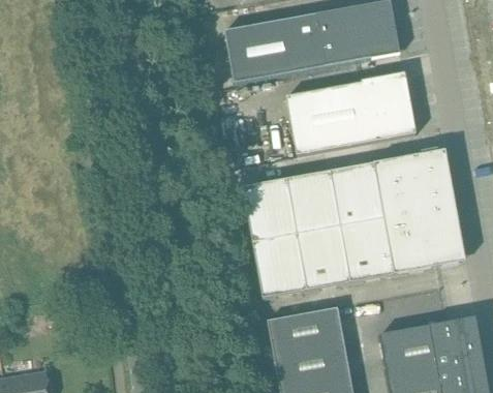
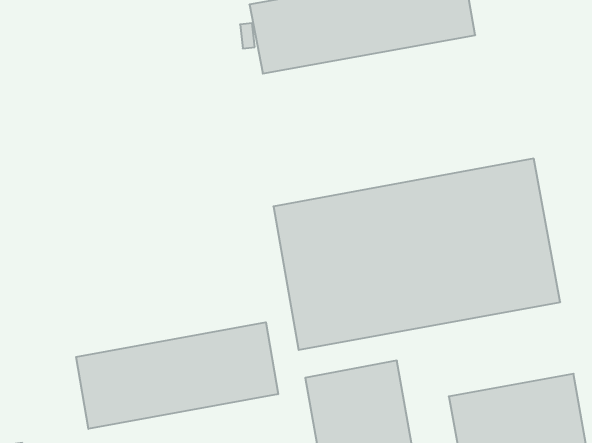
building: [285,74,415,154] -> none
building: none -> [76,322,278,429]

